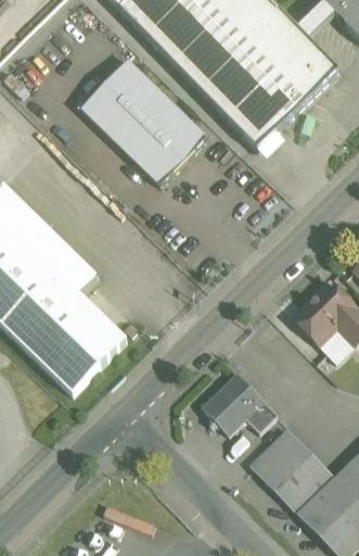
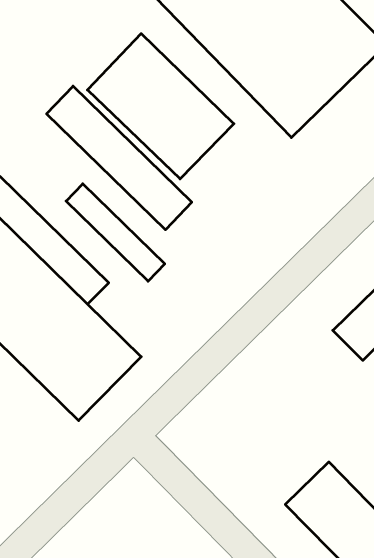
building: none -> [47,86,192,230]
building: none -> [66,184,165,281]
building: [202,372,278,434] -> none

